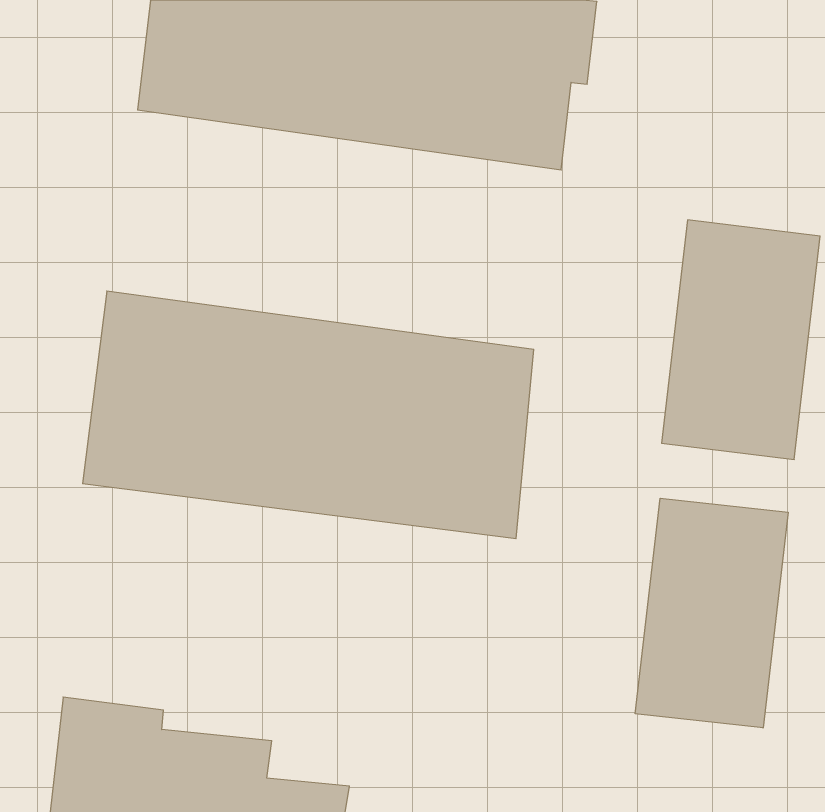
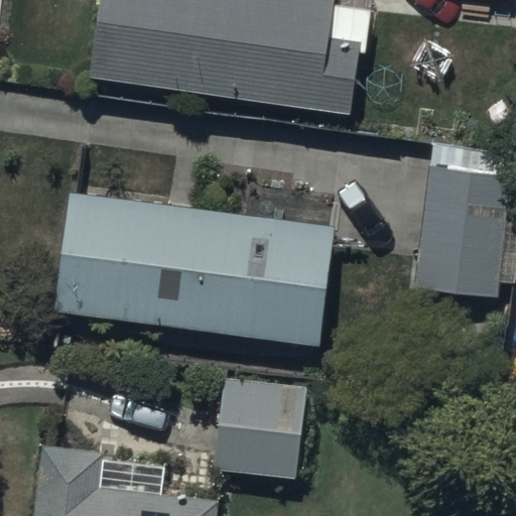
building: [635,498,788,728] -> none
building: none -> [214,378,308,481]

